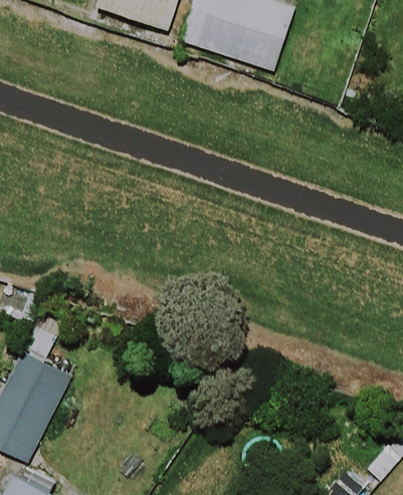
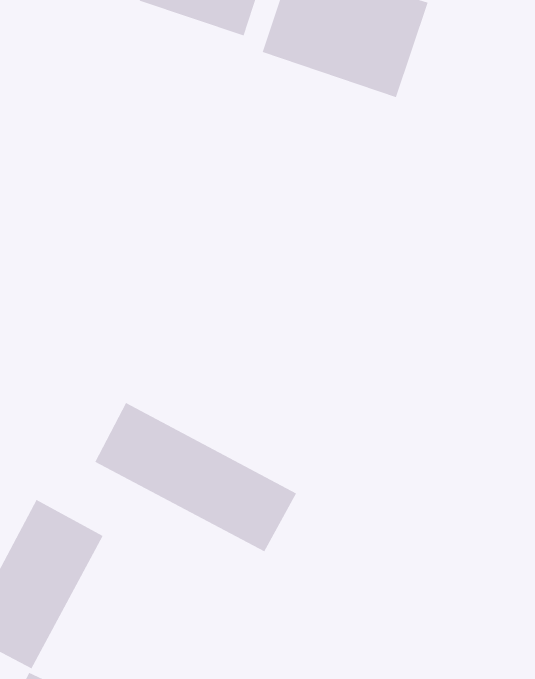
building: none -> [95,402,297,552]

